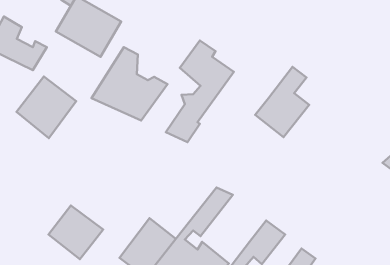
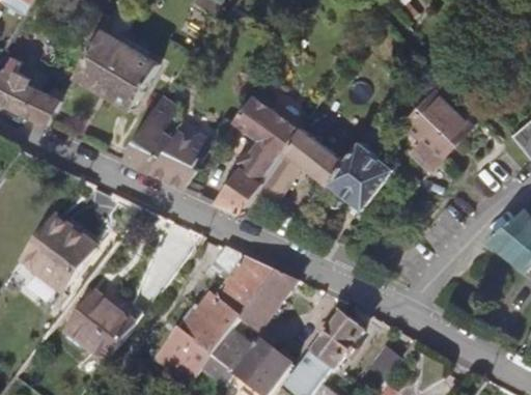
building: none -> [401,65,480,171]
building: none -> [253,125,342,202]
building: [17,76,76,138] -> [20,214,94,291]
building: none -> [197,247,277,335]

